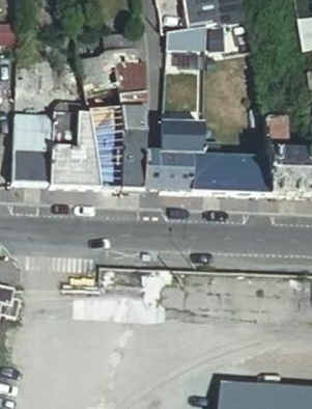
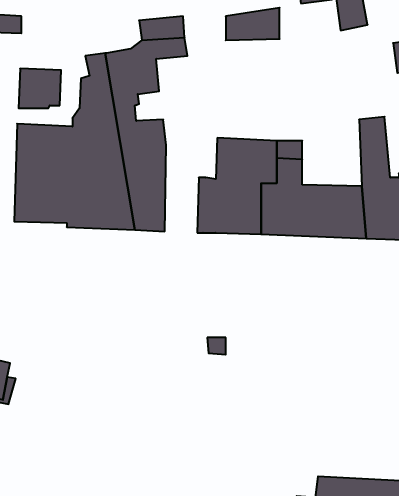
building: [116,60,147,191] -> none

